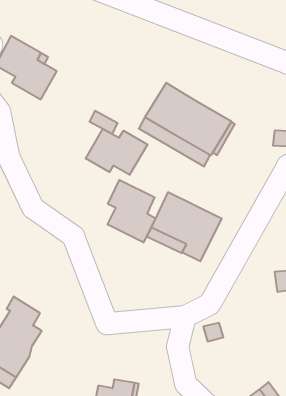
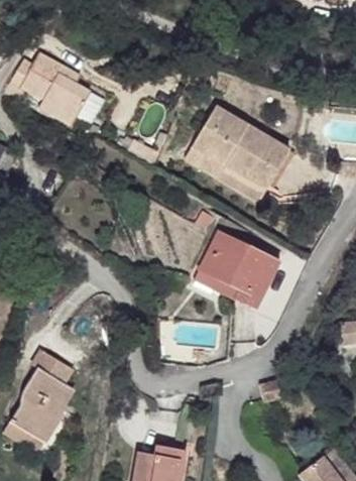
building: [86,129,148,175] -> none
building: [108,180,156,243] -> none

